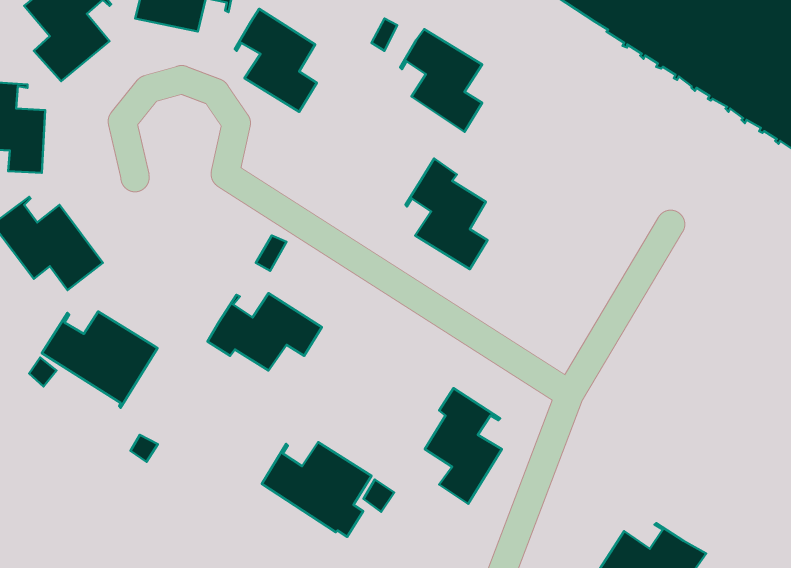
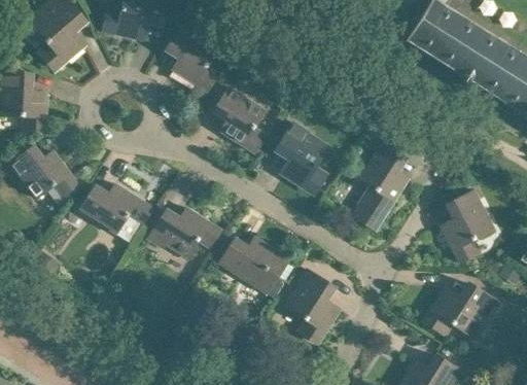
building: [400,29,482,132] -> [213,86,266,152]
building: none -> [352,142,409,230]
building: none -> [441,189,494,261]
building: [42,311,158,408] -> [79,183,153,245]
building: none -> [423,282,497,337]
building: [262,442,371,537] -> [219,236,289,296]

